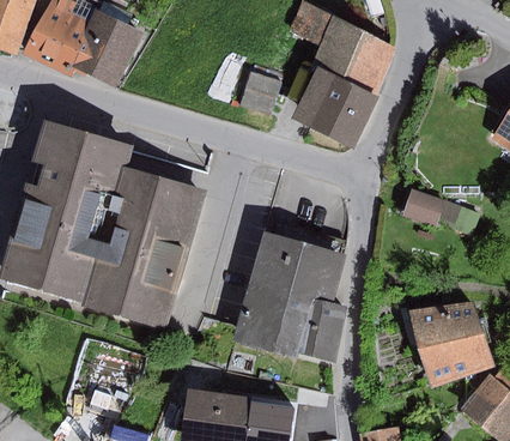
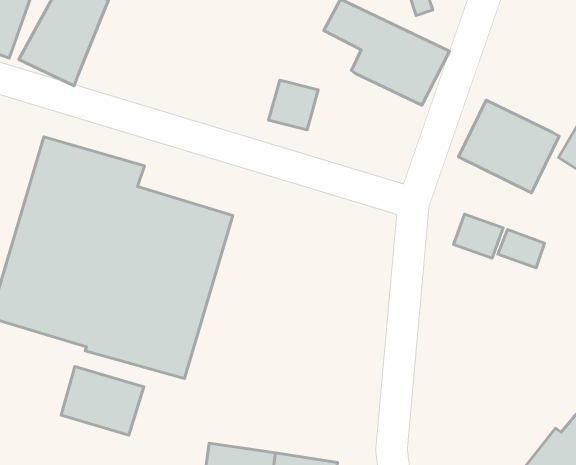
building: [74,10,142,85] -> none
building: [291,65,378,145] -> [458,100,559,193]
building: [233,230,347,361] -> none
building: [407,301,494,386] -> none
building: none -> [61,367,144,435]

